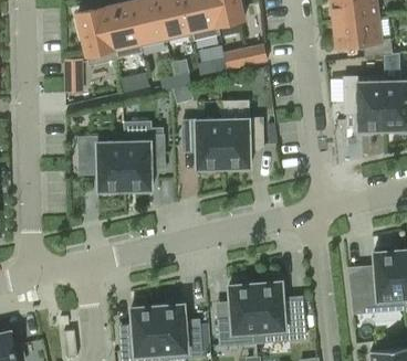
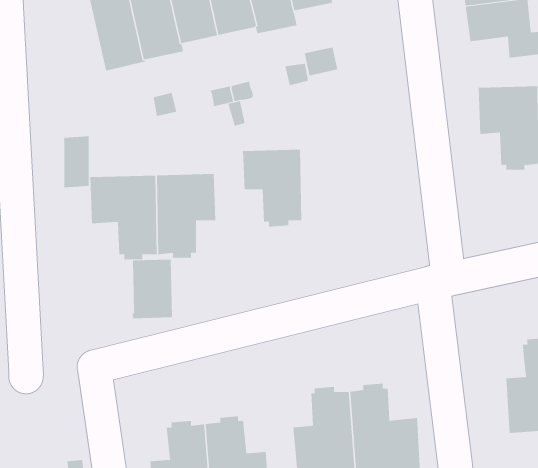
building: [65,61,83,96] -> [63,136,89,188]
building: [222,117,263,170] -> none
building: none -> [132,259,173,319]

